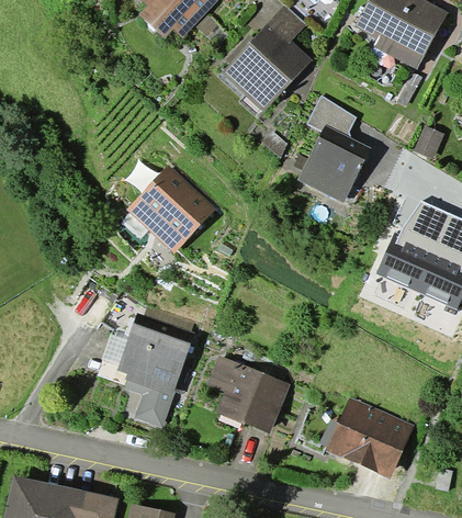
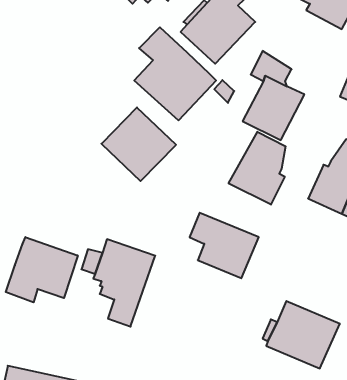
building: none -> [134,27,216,120]
building: none -> [229,132,286,205]
building: none -> [6,237,78,302]
building: [206,356,290,435] -> [190,213,259,278]

